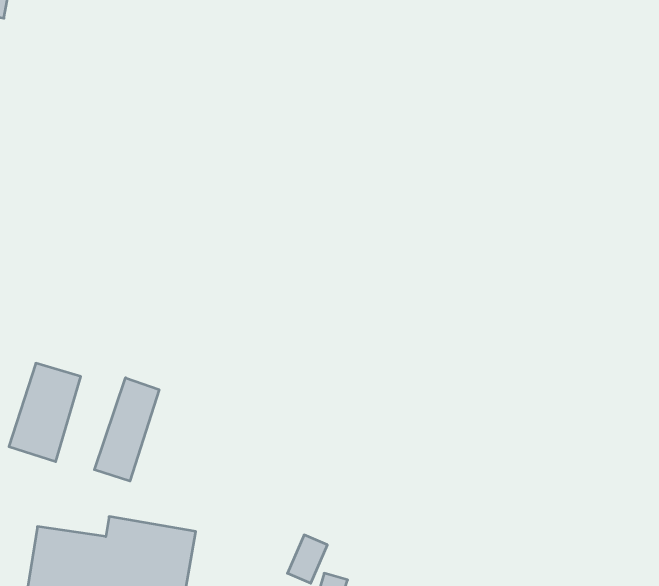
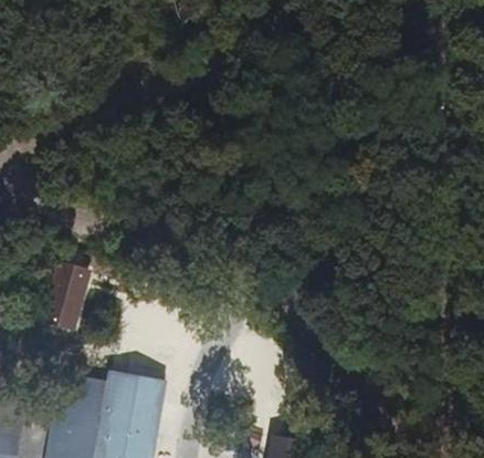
building: [94,378,159,481] -> none

